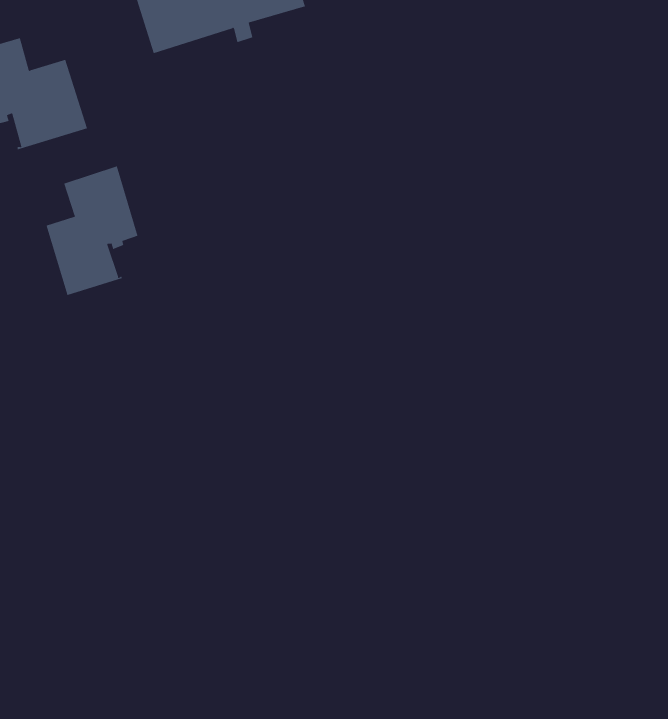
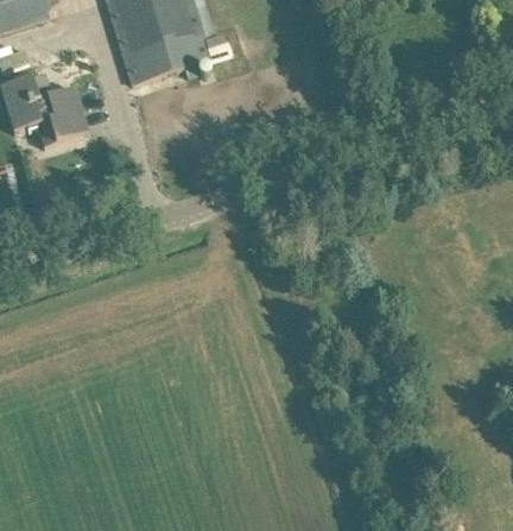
building: [46,165,138,296] -> none

